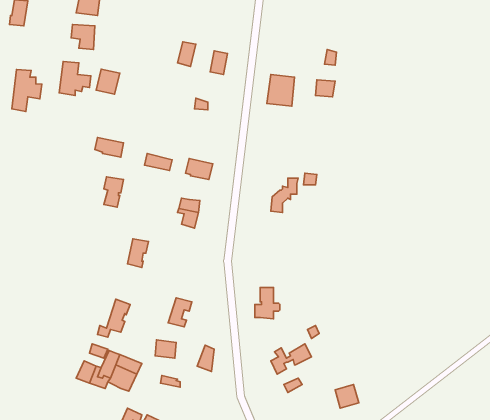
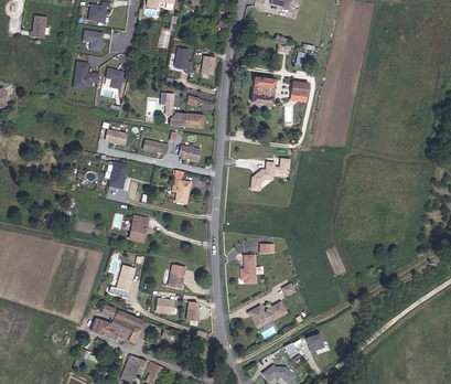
building: [12,70,42,112] -> none
building: none -> [167,99,205,131]

